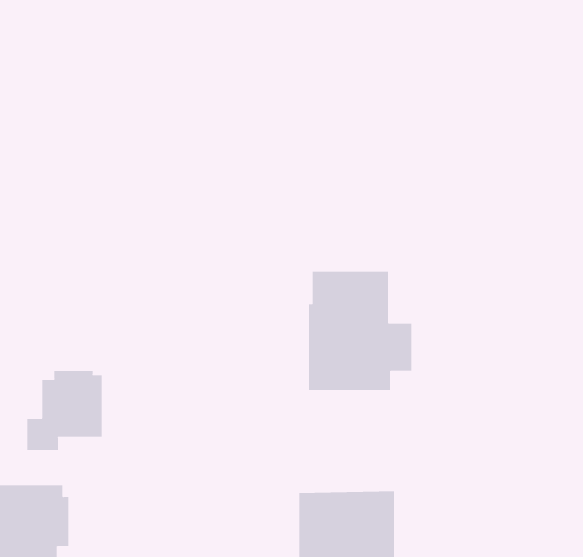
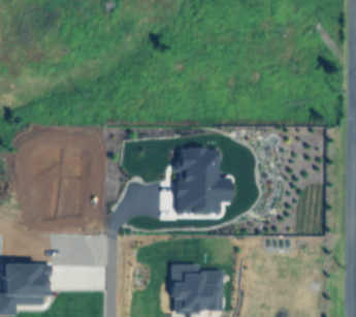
building: [27,370,102,451] -> none

